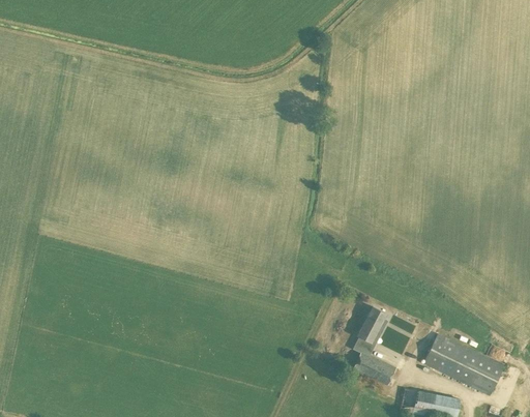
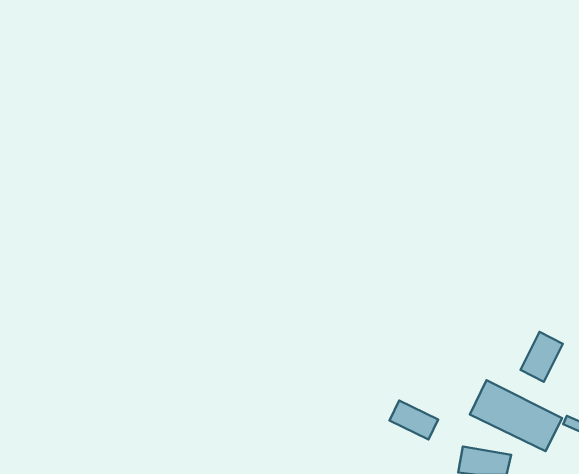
building: none -> [520,332,563,382]
building: [357,306,386,342] -> none

